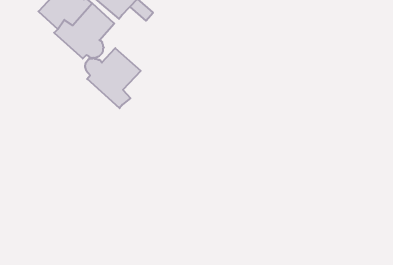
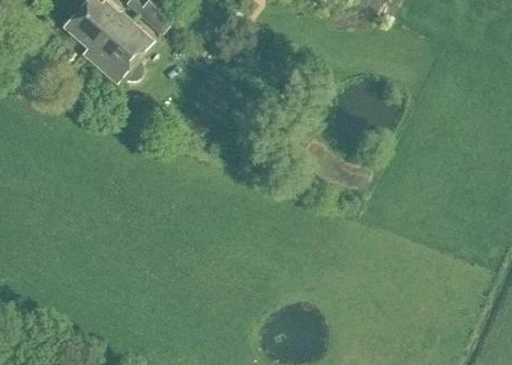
building: [85,48,141,108] -> none

